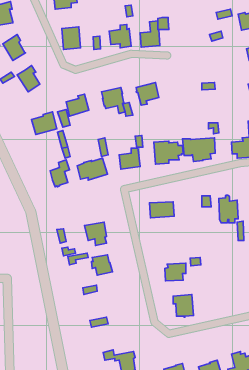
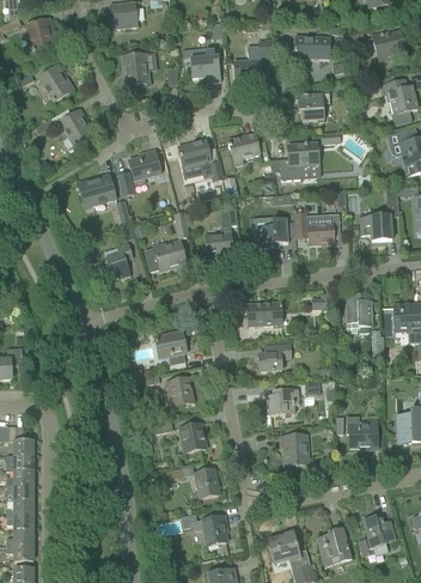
building: none -> [294,35,330,56]
building: none -> [298,92,329,120]
building: none -> [277,141,318,178]
building: none -> [258,344,291,371]
building: none -> [346,415,377,448]
building: none -> [179,423,206,451]
building: none -> [194,467,219,497]

